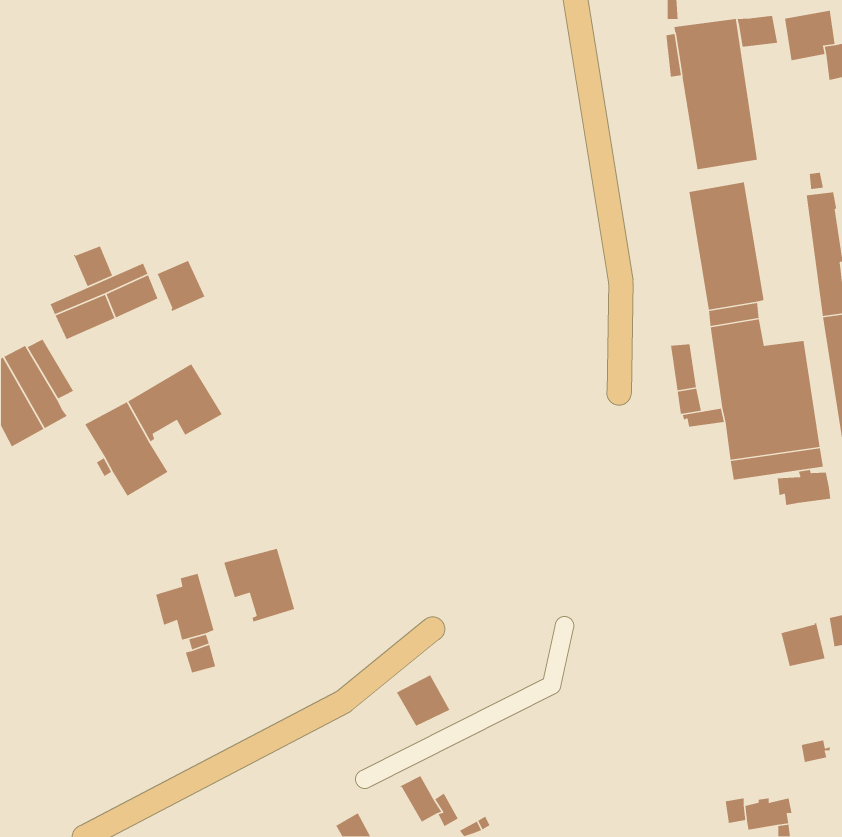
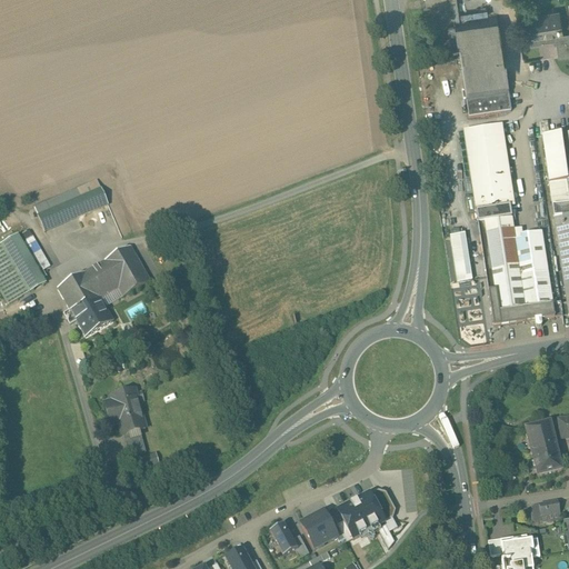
building: [736,12,778,50] -> none
building: [73,244,113,287] -> none
building: [155,260,206,312] -> none
building: [777,469,831,506] -> none
building: [223,548,295,623] -> none
building: none -> [532,443,562,473]
building: [396,674,450,727] -> [301,511,338,547]
building: none -> [339,491,385,537]

